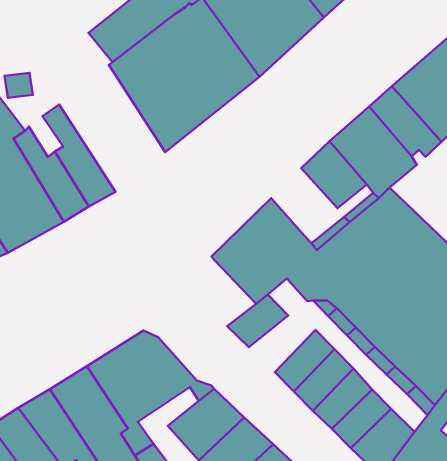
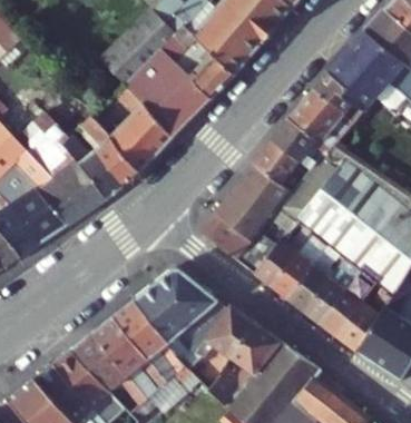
building: none -> [90,81,172,173]
building: none -> [253,138,302,187]
building: none -> [198,213,252,259]
building: none -> [251,242,297,288]

